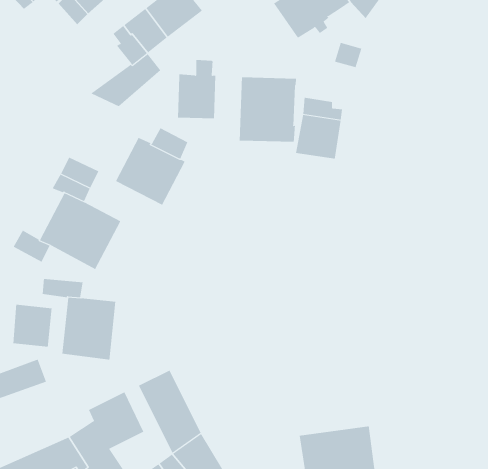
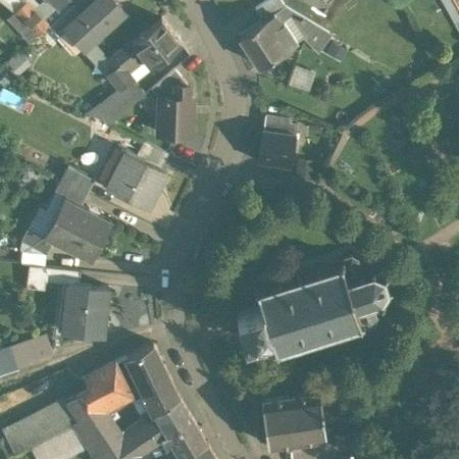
building: none -> [150,71,188,101]
building: [239,77,297,143] -> none
building: none -> [236,253,392,355]
building: [13,304,52,348] -> none

